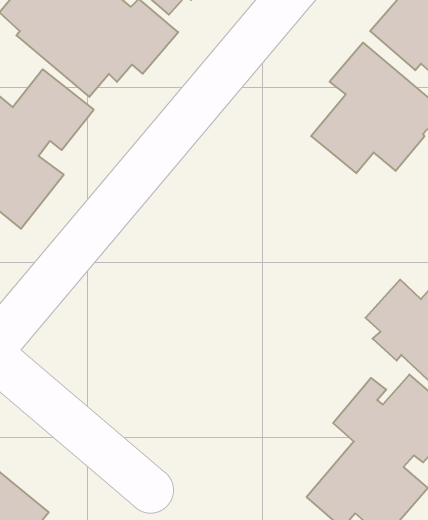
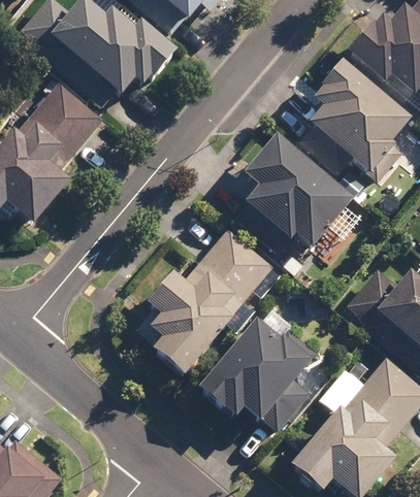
building: none -> [234,131,356,257]
building: none -> [135,225,272,370]
building: none -> [200,300,315,421]

